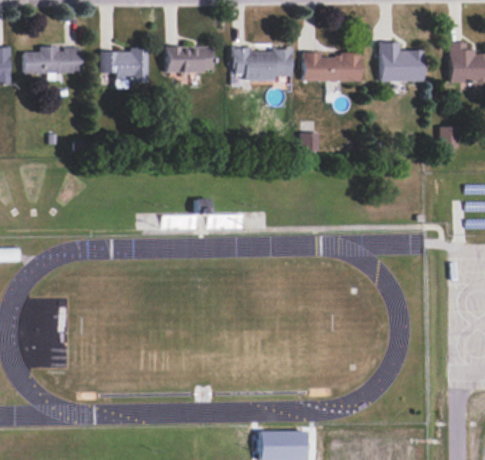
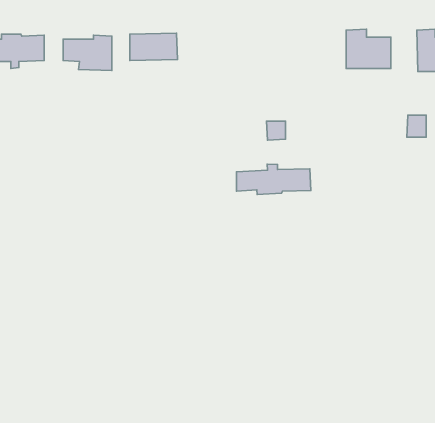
building: [232,47,292,81] -> none
building: [303,51,361,81] -> none
building: none -> [236,164,311,194]

